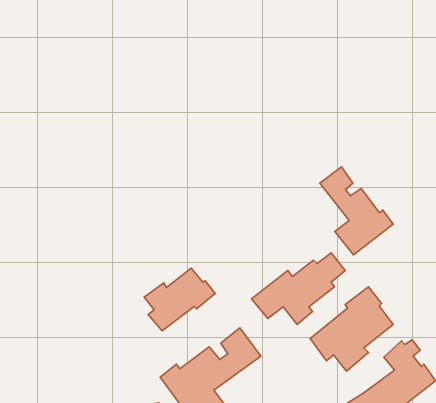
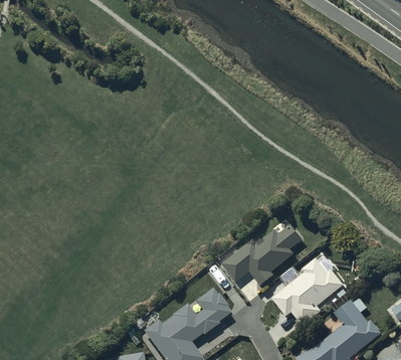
building: [320,167,393,255] -> none
building: [144,268,215,331] -> none

